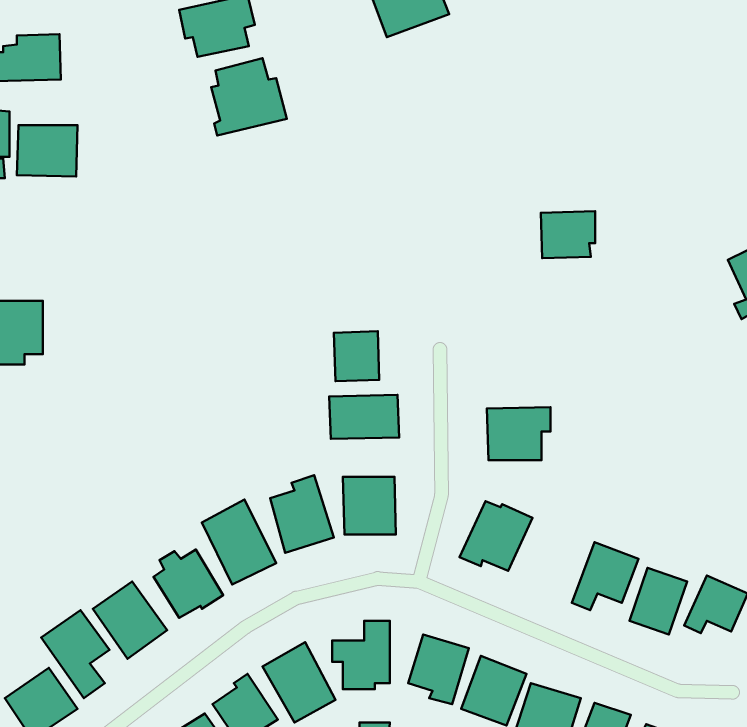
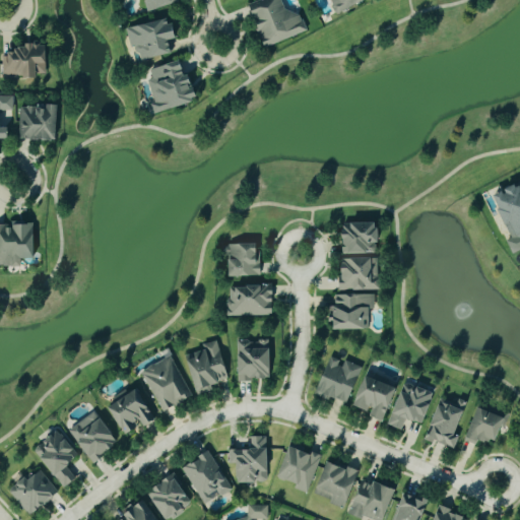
building: [541,211,595,258] -> [342,221,379,253]
building: none -> [336,257,378,289]
building: none -> [353,376,396,421]

